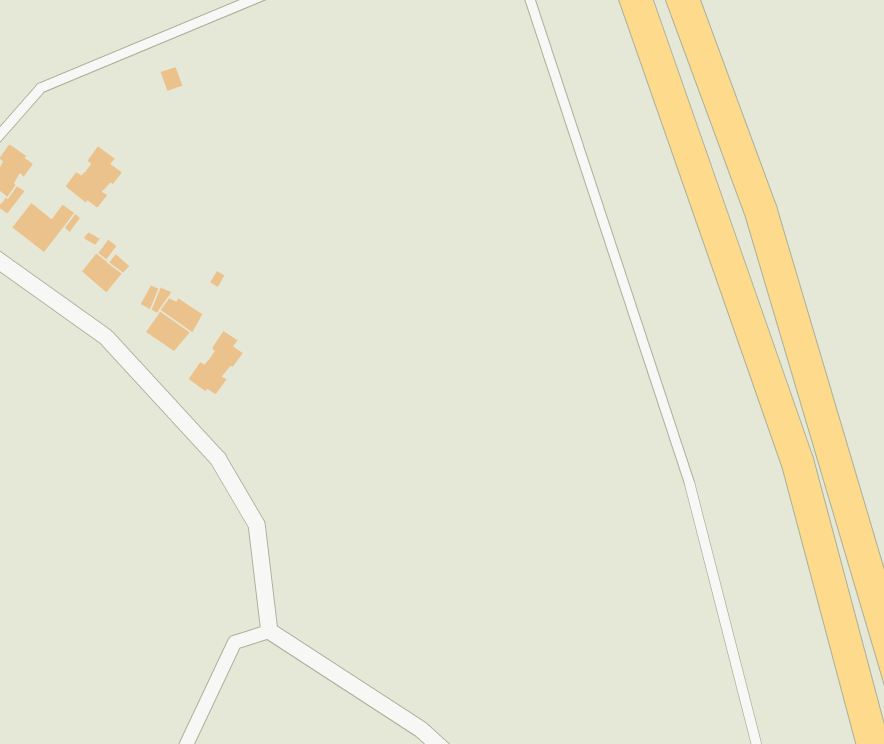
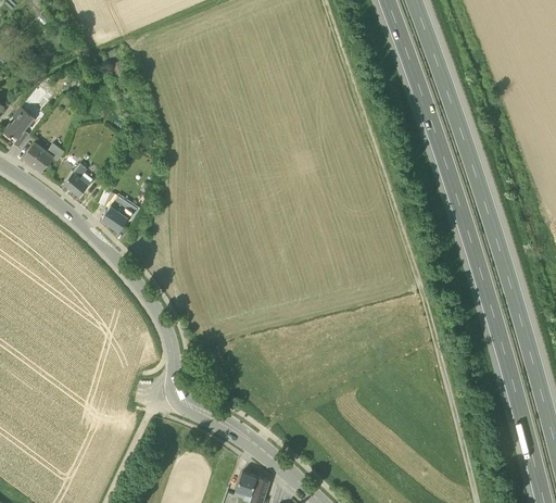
building: [65,145,123,208] -> none
building: [188,330,244,395] -> none

